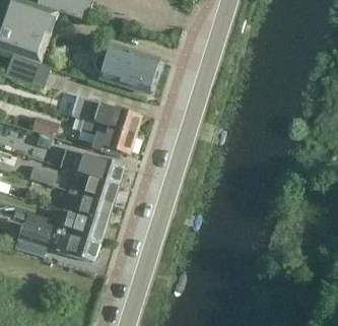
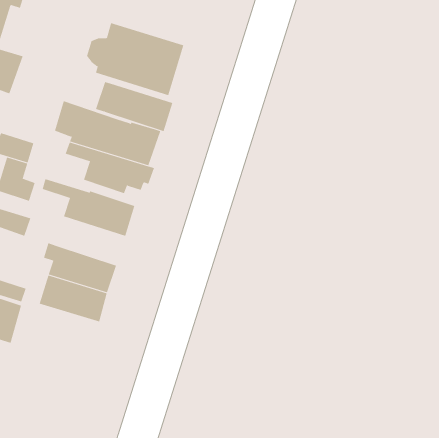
building: [67,171,119,204] -> [95,81,173,132]
building: [52,227,102,262] -> none

